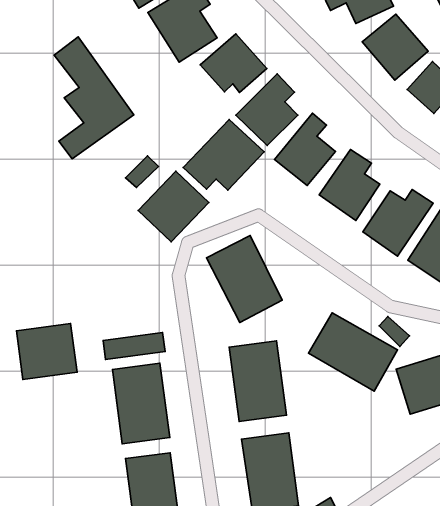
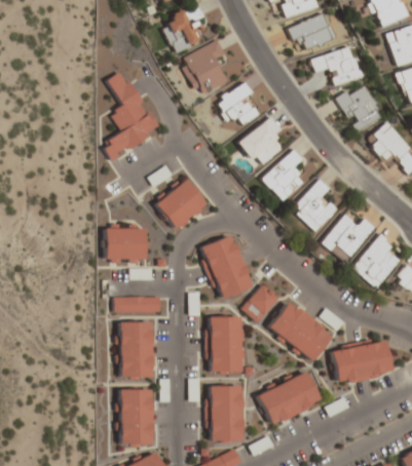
building: [183,119,264,190] -> none
building: none -> [240,283,280,323]
building: [16,324,77,379] -> [105,227,146,264]
building: none -> [257,371,324,425]

